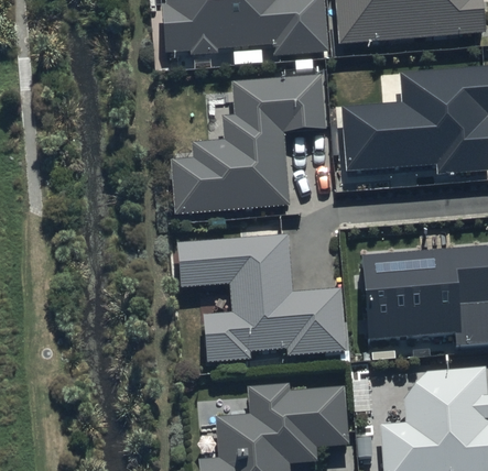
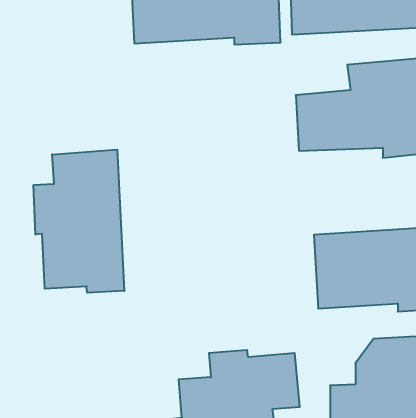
building: [171,77,325,210] -> none
building: none -> [34,150,124,293]
building: [176,236,345,361] -> none

